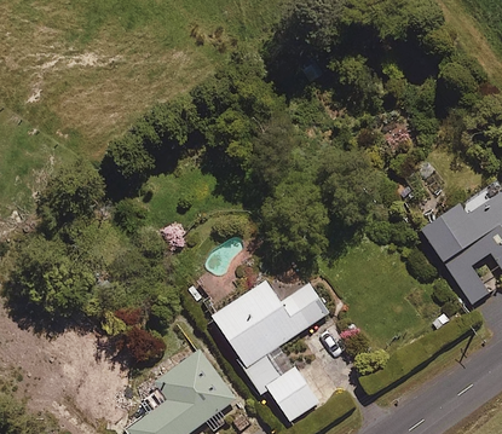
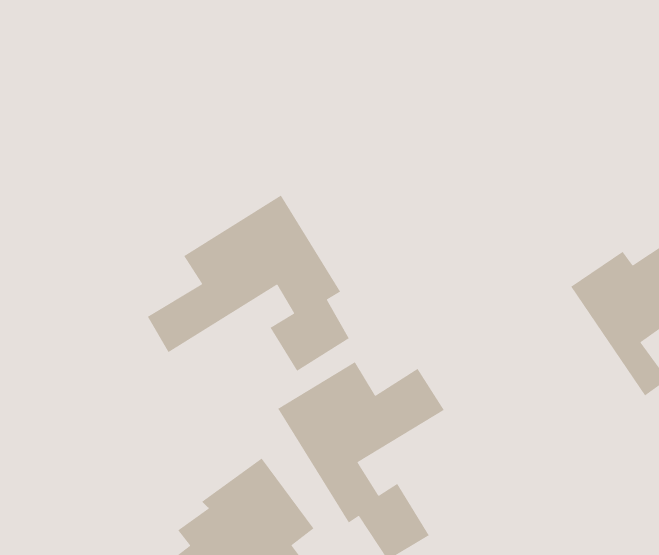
building: none -> [147,195,350,372]

